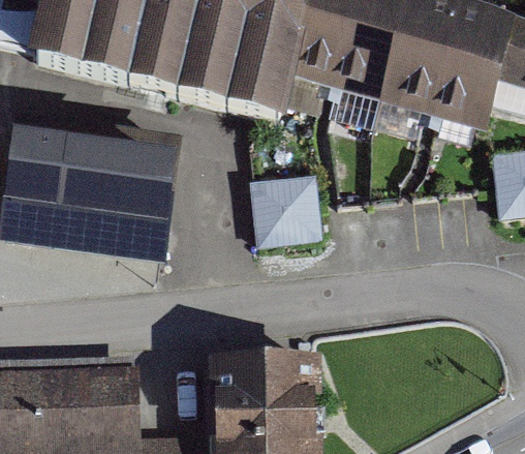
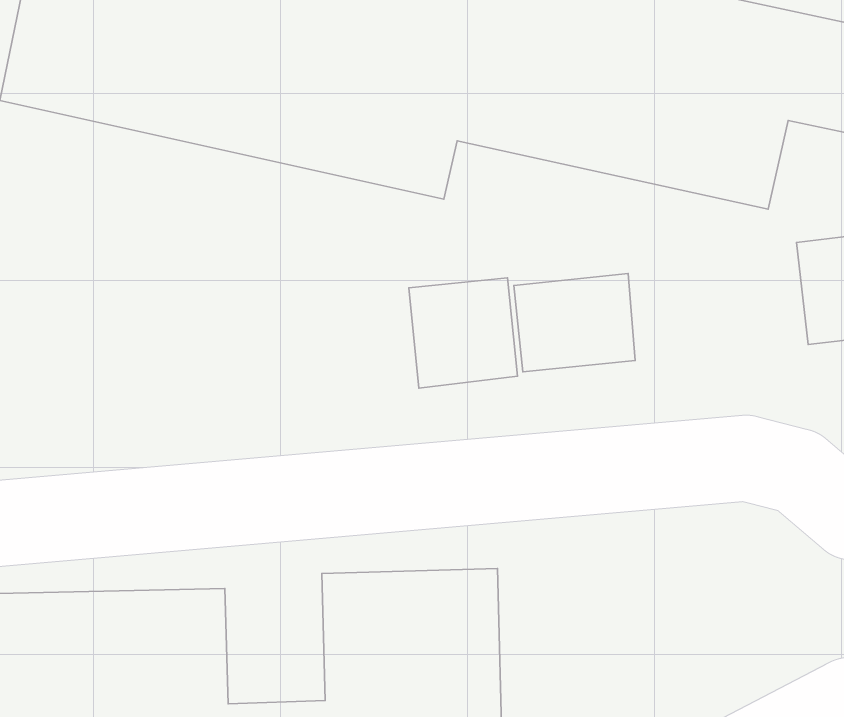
building: [8,123,174,249] -> none
building: none -> [514,274,635,372]

